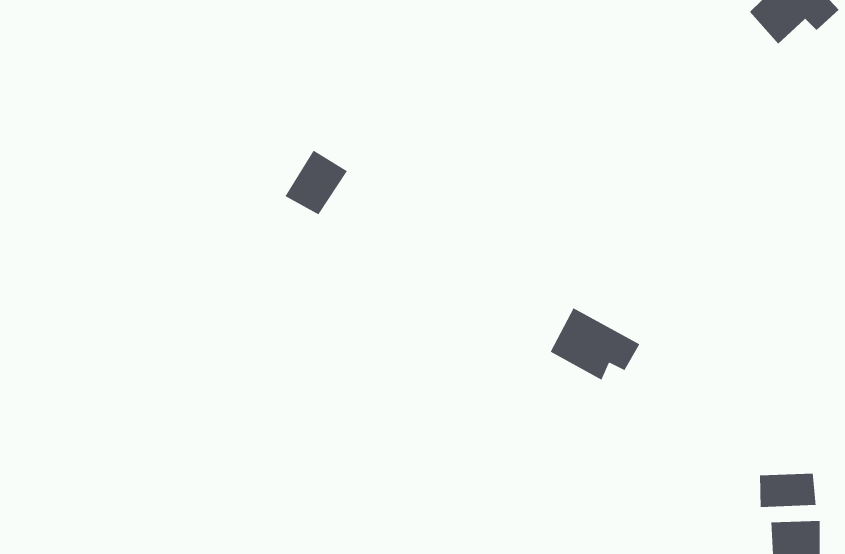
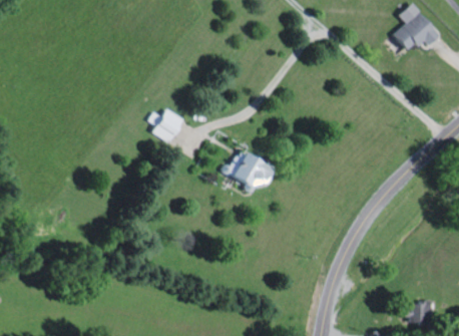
building: [550,308,640,381] -> [227,150,275,189]
building: [760,473,816,508] -> none

